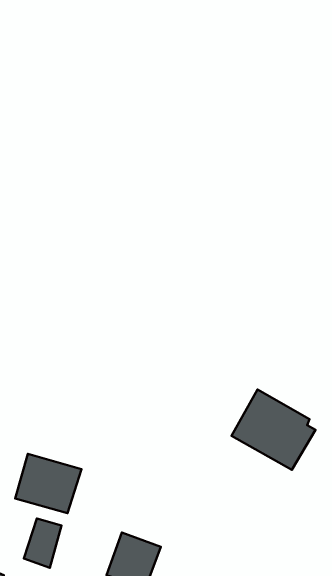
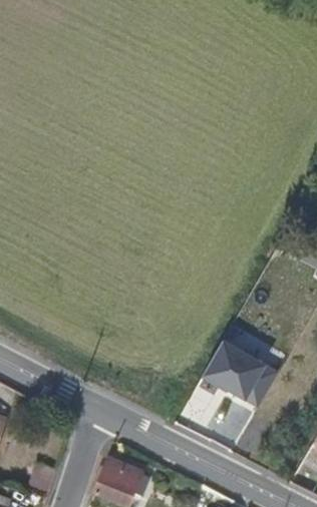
building: [15,454,81,513] -> none

